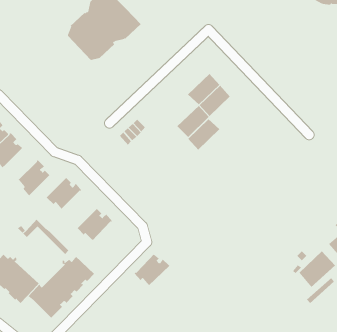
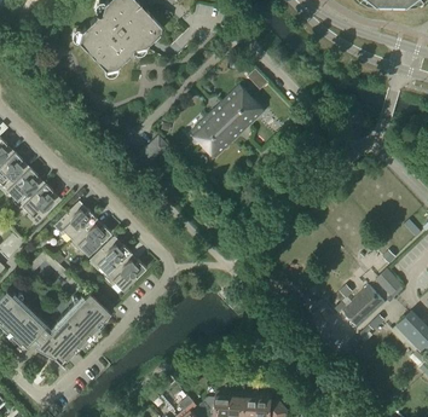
building: [187,119,220,150] -> [191,109,229,145]
building: none -> [7,167,44,209]
building: none -> [70,219,111,256]
building: [134,253,170,286] -> [105,254,146,291]

